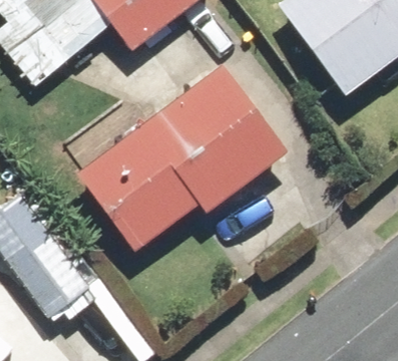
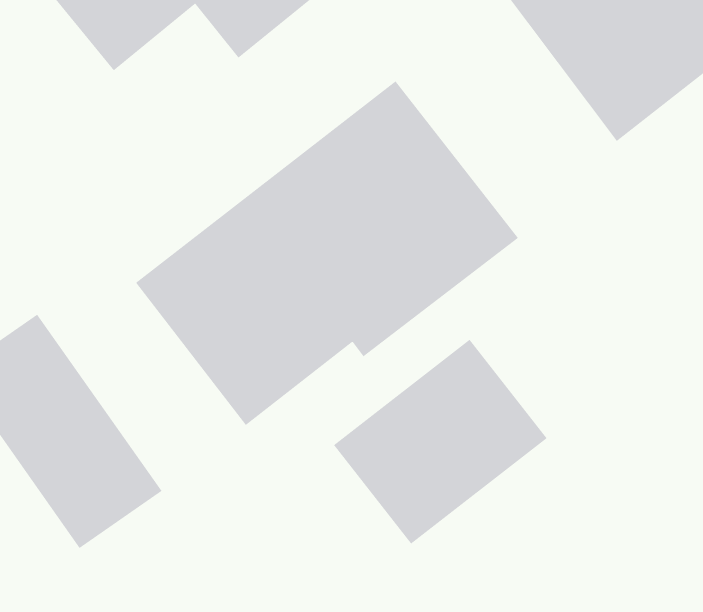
building: none -> [333,339,548,545]

